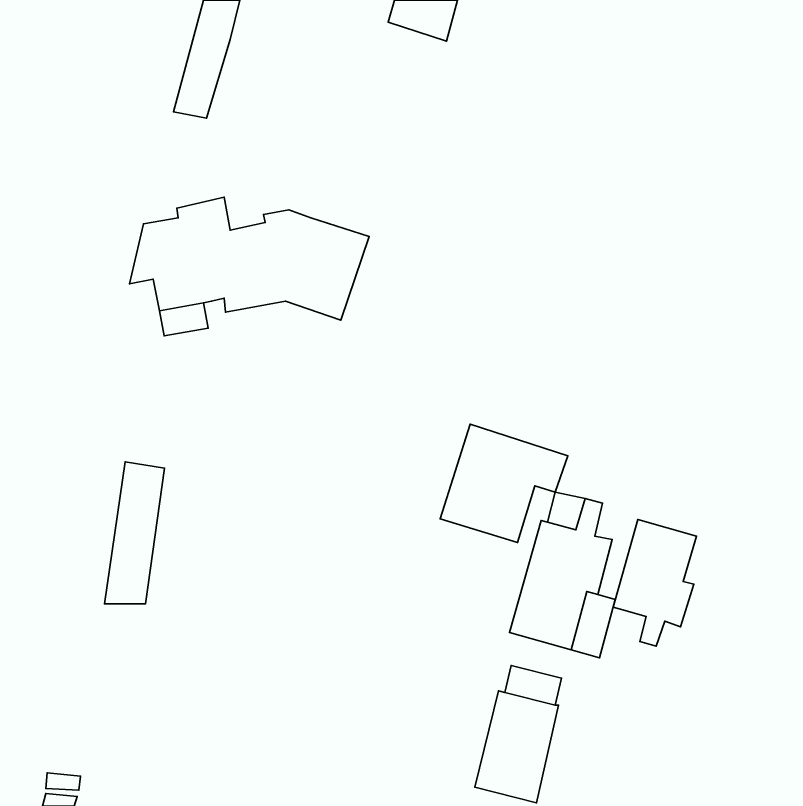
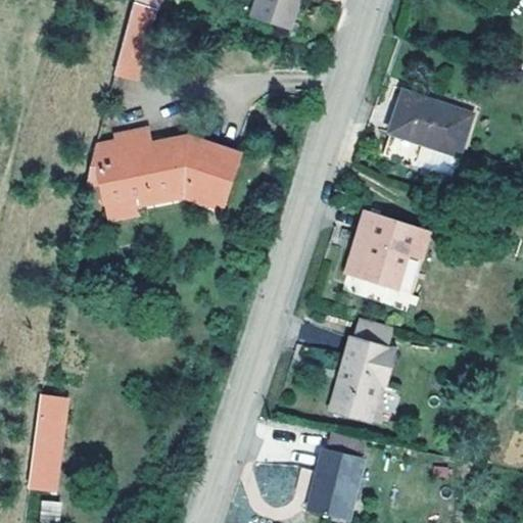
building: none -> [390,90,474,176]
building: [440,424,568,543] -> [347,211,430,288]
building: [105,462,164,604] -> [28,395,66,487]
building: [613,520,697,646] -> none

